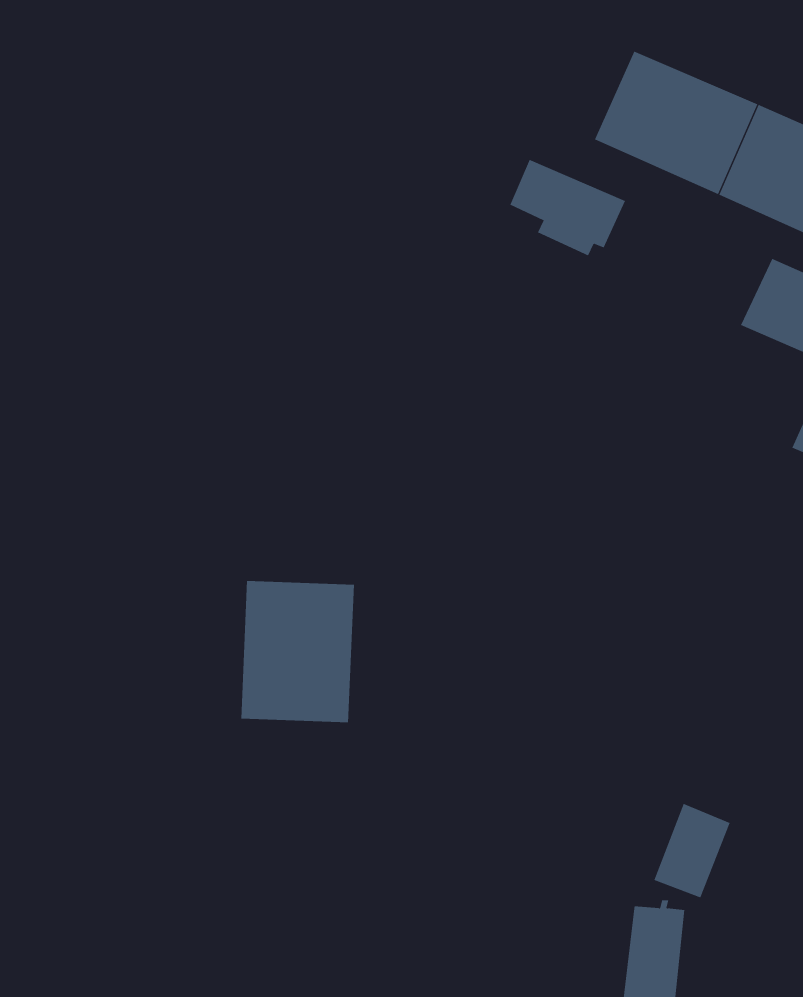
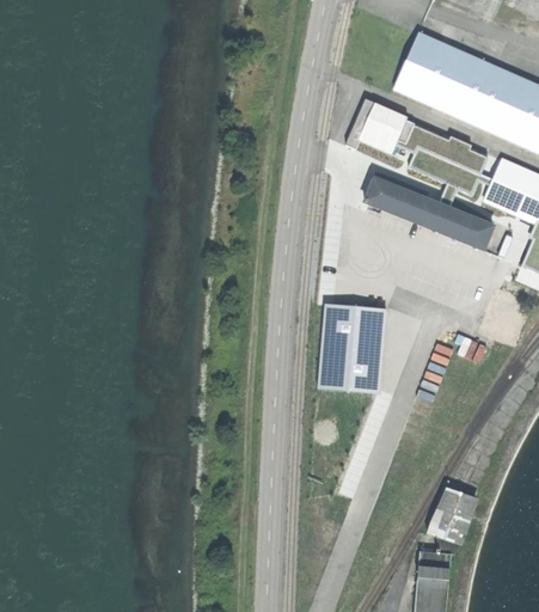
building: none -> [365,176,492,247]
building: [240,581,355,723] -> [317,306,386,392]

